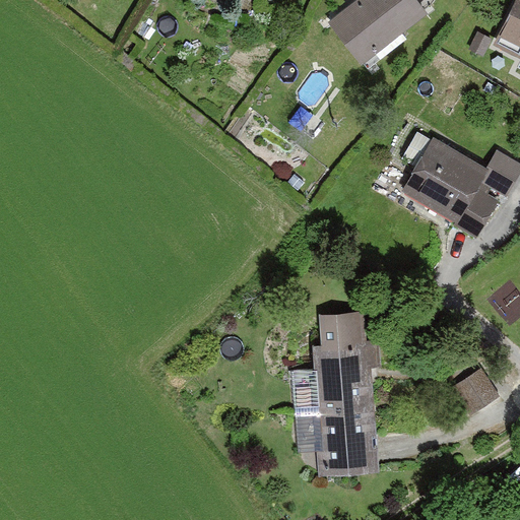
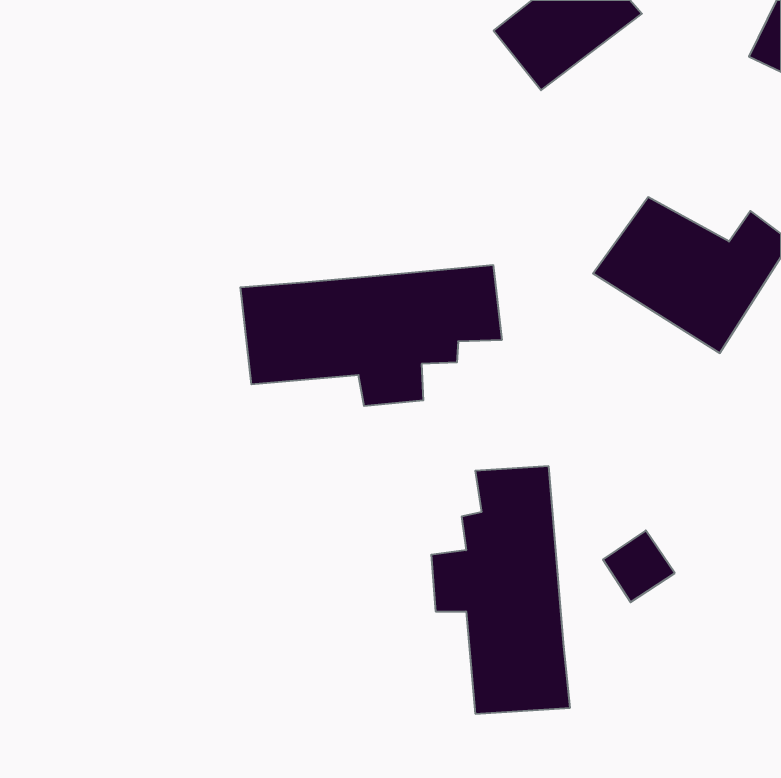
building: none -> [240,265,502,406]
building: [453,368,501,415] -> [603,530,675,602]

